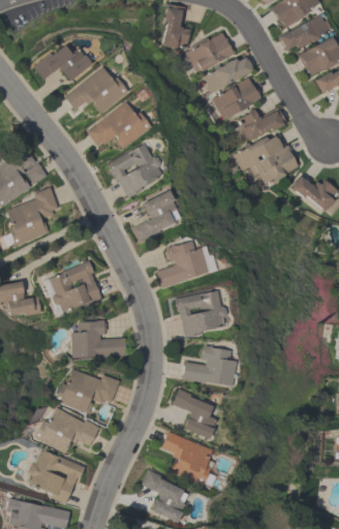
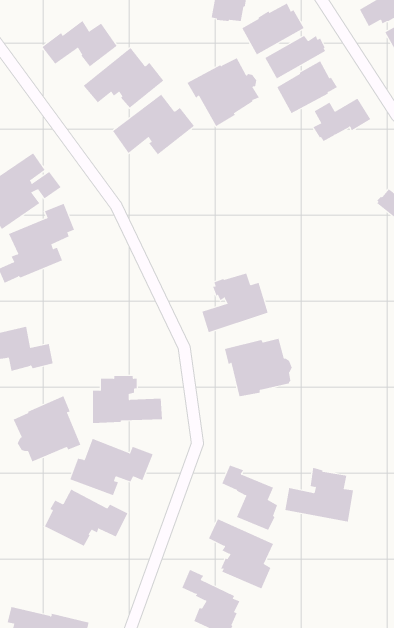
building: [237,132,300,183] -> none
building: [106,145,163,198] -> [187,58,260,127]
building: [133,191,177,242] -> none
building: [50,260,102,312] -> [13,395,81,462]
building: [183,345,237,387] -> [284,467,354,522]
building: [30,452,85,503] -> none

